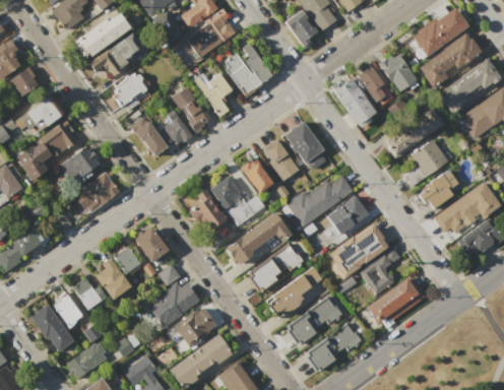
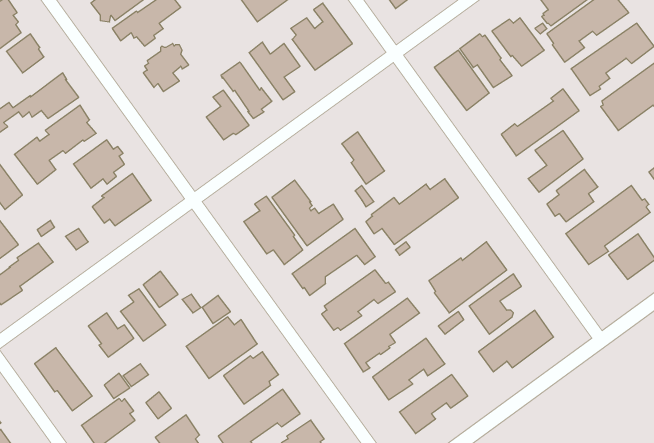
building: [134,121,167,154] -> none
building: [286,121,327,170] -> none
building: [240,157,274,193] -> none
building: [327,196,369,235] -> none
building: [135,226,170,263] -> none
building: [55,294,81,328] -> none

